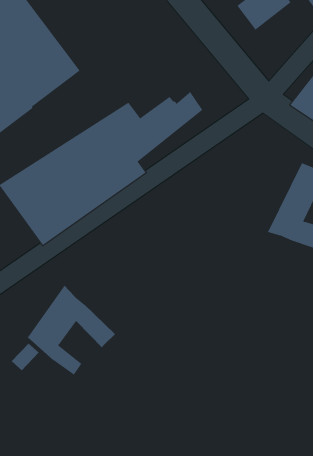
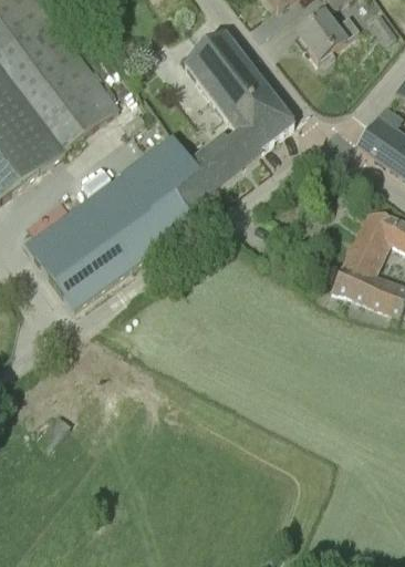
building: none -> [185,33,293,150]
building: [27,285,116,376] -> none

